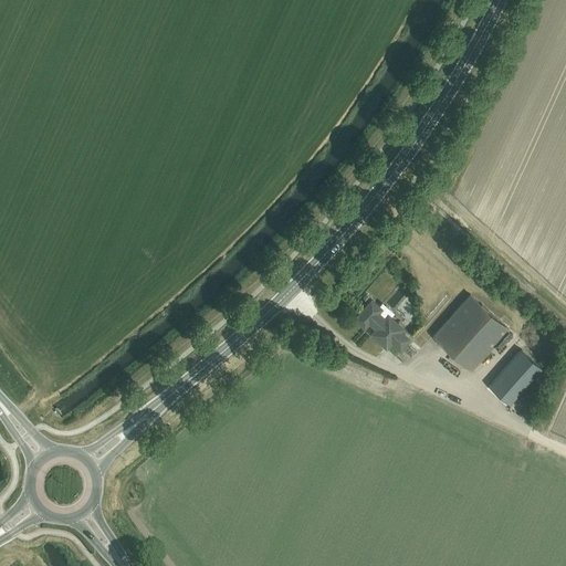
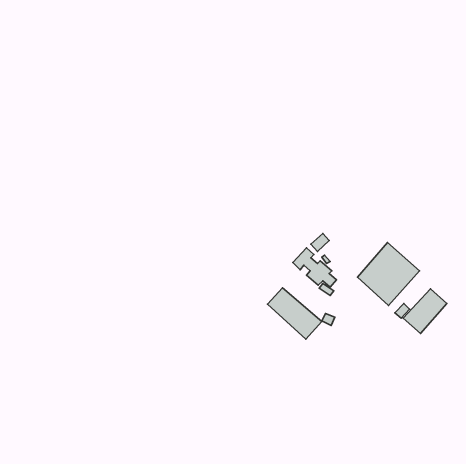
building: none -> [268,288,322,339]

